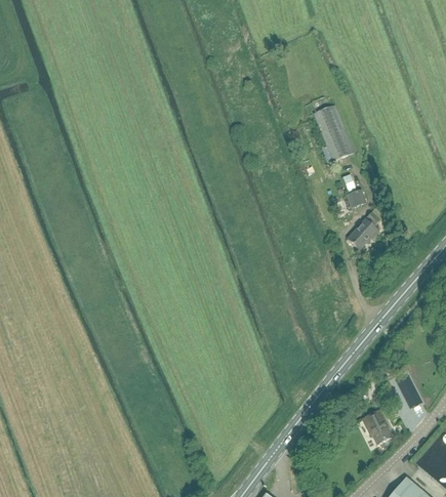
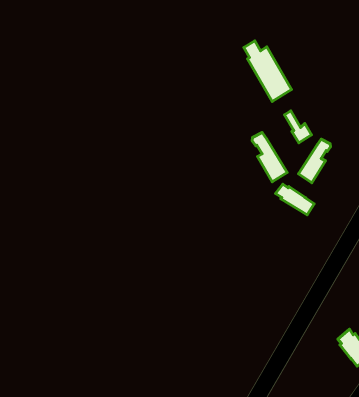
building: none -> [252,133,287,182]
building: none -> [276,184,314,215]

